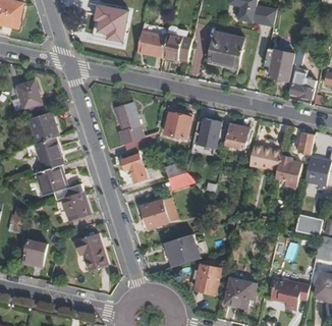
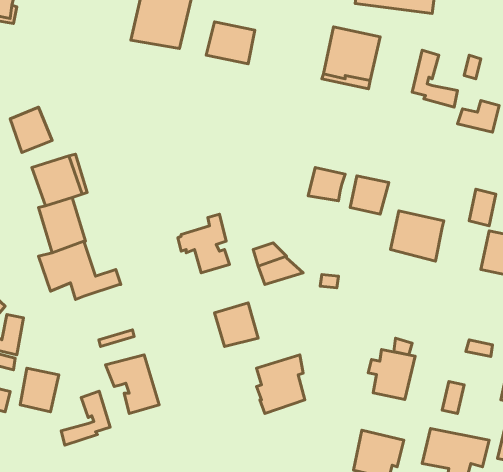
building: [162,34,191,59] -> none
building: [115,104,148,151] -> none
building: [164,113,191,139] -> none
building: [275,155,301,188] -> none
building: [62,189,91,219] -> none
building: none -> [61,391,110,445]
building: [192,264,221,294] -> [368,349,415,400]

